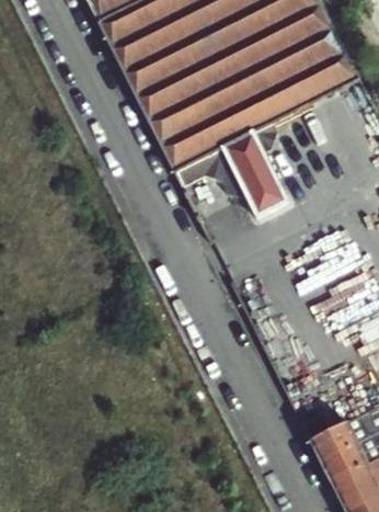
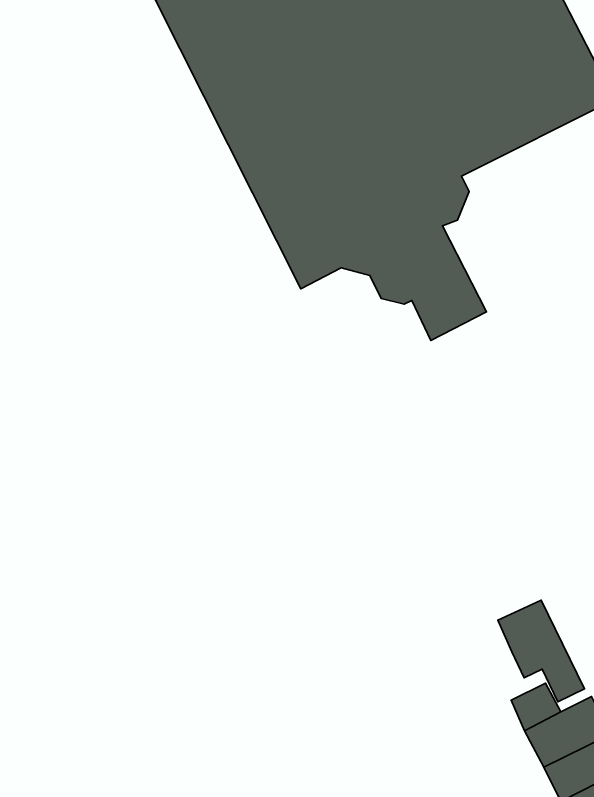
building: none -> [498,600,585,702]

